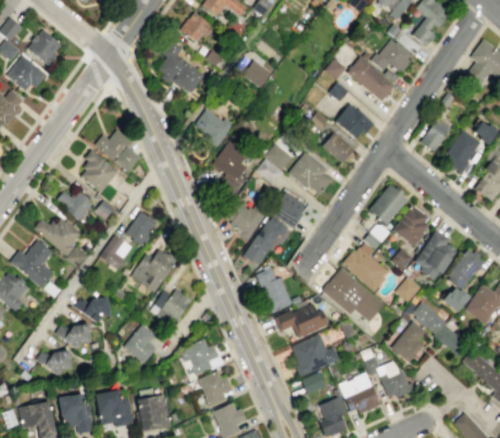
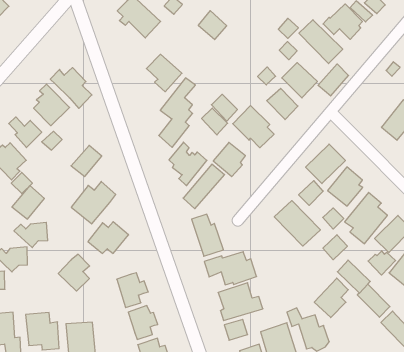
building: [420,118,450,152] -> [318,64,349,96]
building: [99,234,132,268] -> [12,186,44,219]
building: [322,270,384,324] -> none

